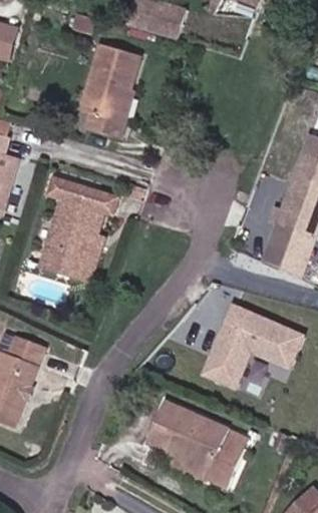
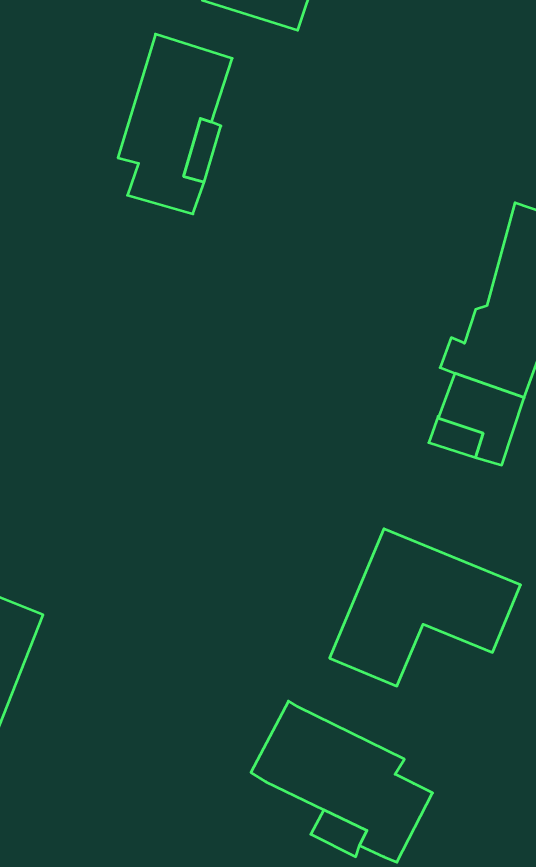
building: [42,176,118,277] -> none

